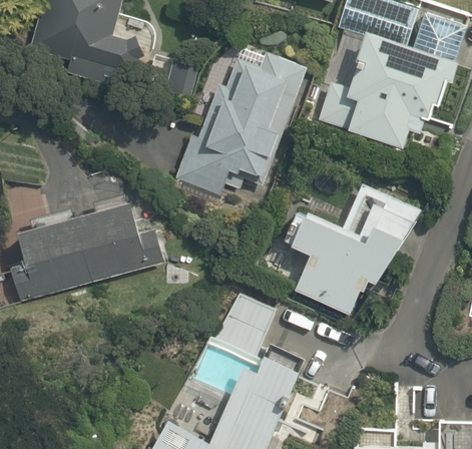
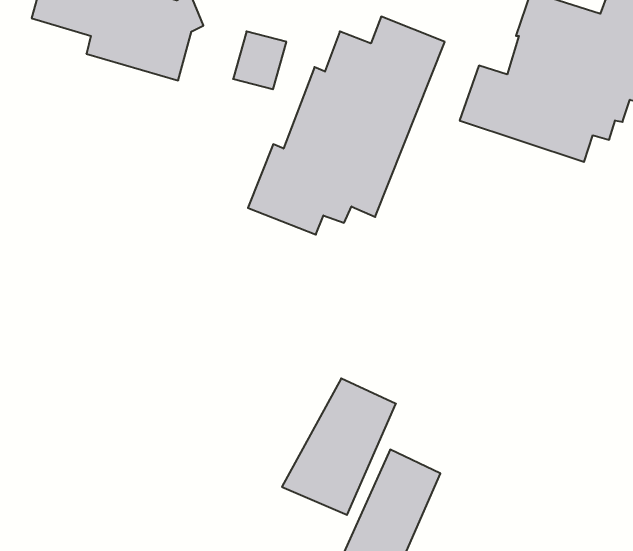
building: [284,186,418,313] -> none
building: [12,202,164,301] -> none

